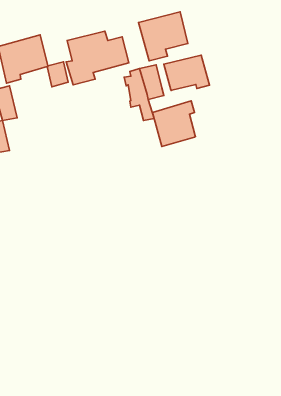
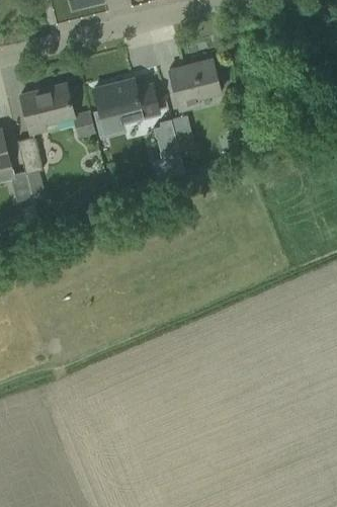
building: [164,55,210,90] -> none
building: [152,101,195,147] -> none

